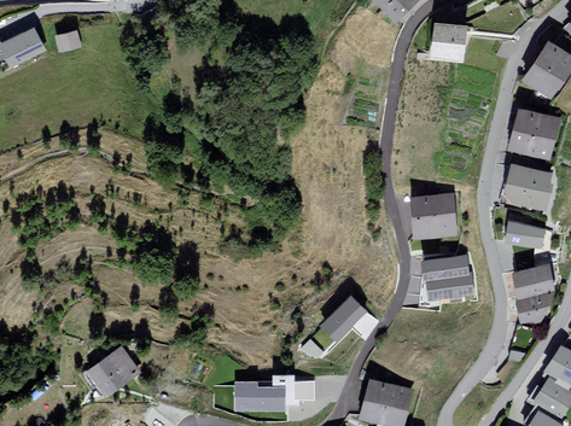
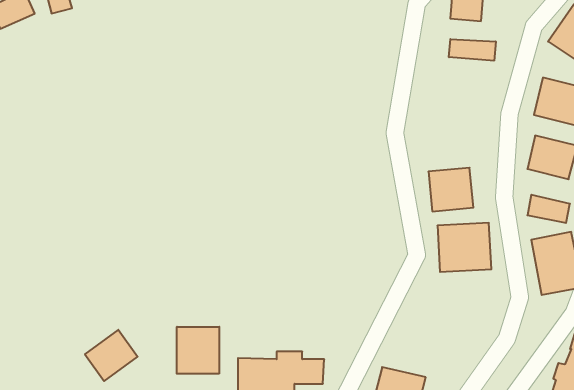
building: none -> [449,39,496,61]
building: [319,291,367,340] -> none
building: none -> [177,327,219,374]

